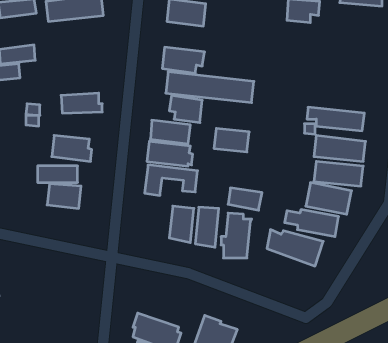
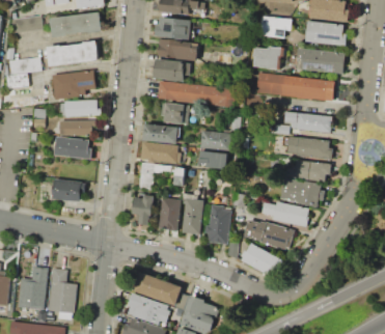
building: none -> [304,22,347,47]
building: none -> [158,39,197,61]
building: none -> [46,41,97,66]
building: none -> [253,46,284,69]
building: none -> [297,49,345,74]
building: none -> [52,71,94,100]
building: none -> [256,73,329,101]
building: [38,166,78,182] -> [59,121,94,136]
building: [228,188,262,210] -> [196,150,226,170]
building: none -> [129,195,154,227]
building: none -> [243,245,280,276]
building: none -> [17,267,47,310]
building: none -> [47,269,76,314]
building: none -> [136,274,187,308]

